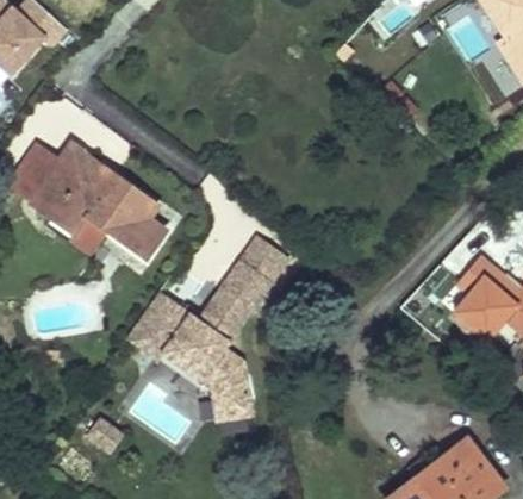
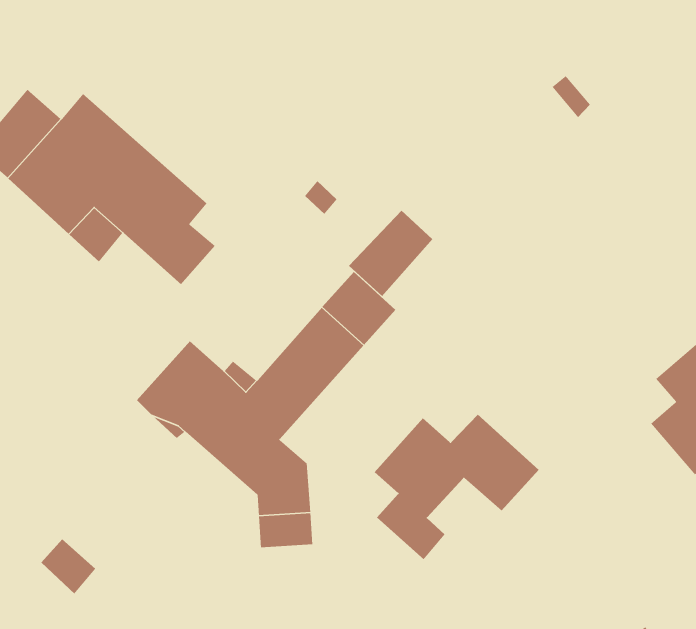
building: none -> [348,210,433,297]
building: none -> [374,414,539,560]

